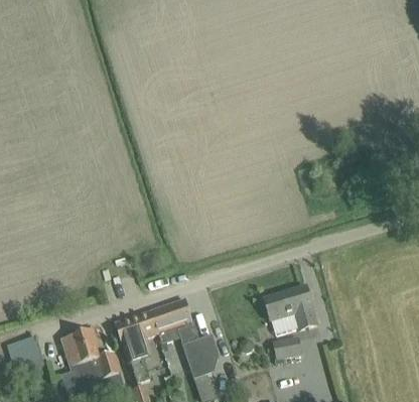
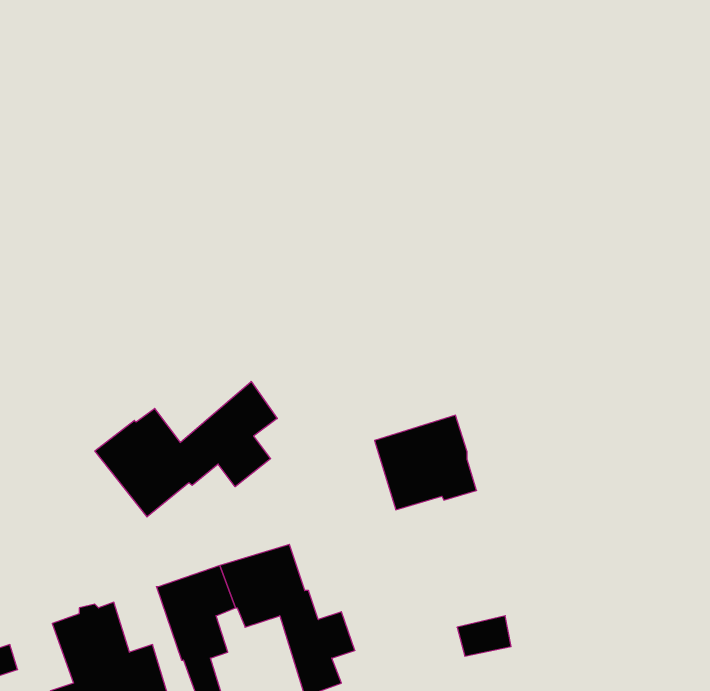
building: none -> [95,381,277,517]
building: [264,284,317,333] -> [375,415,477,510]

